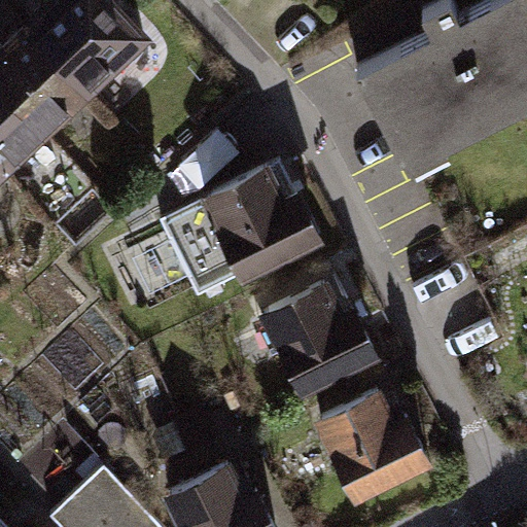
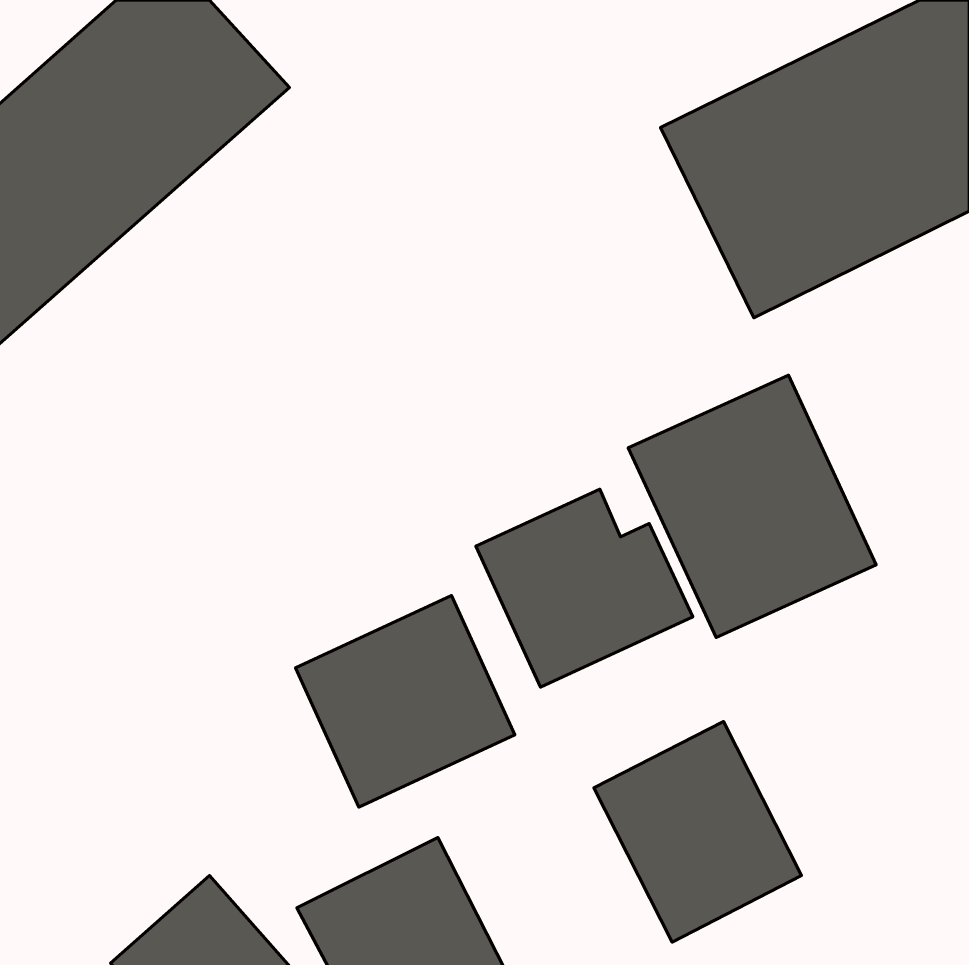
building: [155,149,325,289] -> none
building: none -> [628,375,876,638]
building: none -> [295,596,515,807]

